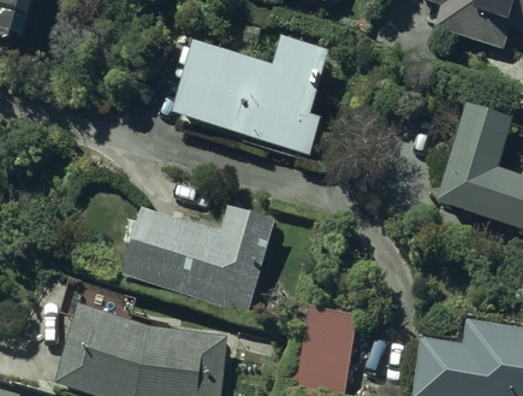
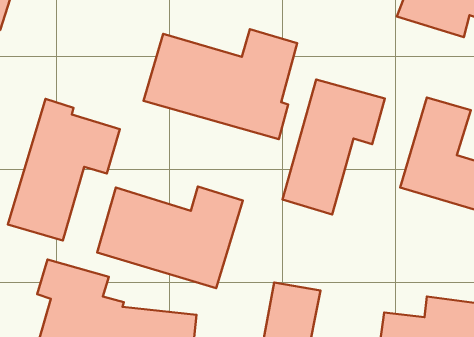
building: none -> [282,79,385,215]
building: none -> [8,99,120,240]

